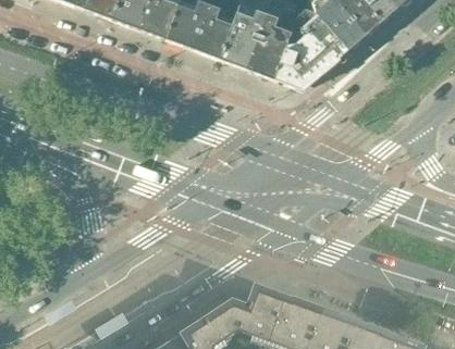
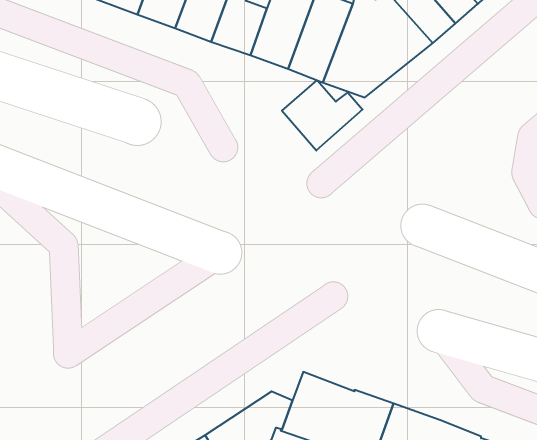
building: none -> [282,80,363,151]

